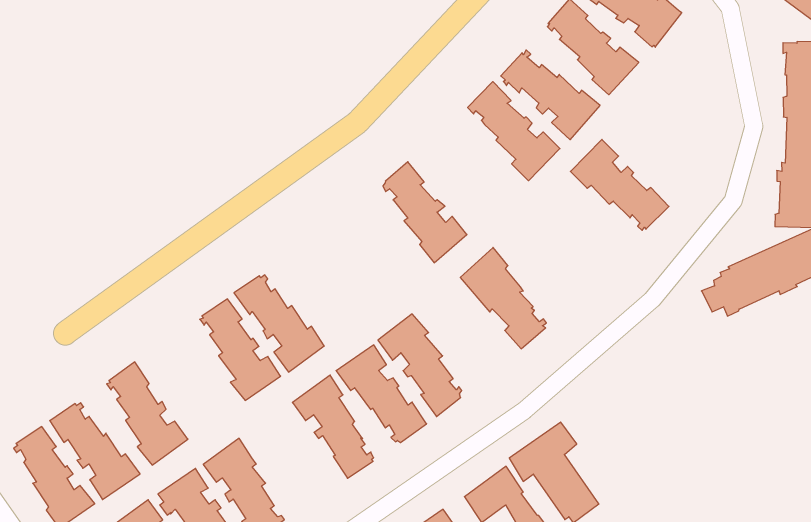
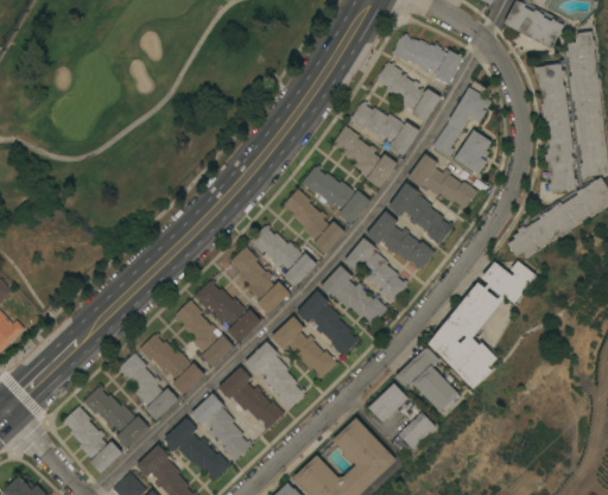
building: none -> [431,81,490,158]
building: none -> [454,129,490,174]
building: none -> [299,165,368,224]
building: none -> [387,183,451,245]
building: none -> [248,224,316,286]
building: none -> [365,211,433,269]
building: none -> [228,247,289,315]
building: none -> [318,266,386,324]
building: none -> [429,261,537,391]
building: none -> [138,332,203,395]
building: none -> [217,367,283,429]

